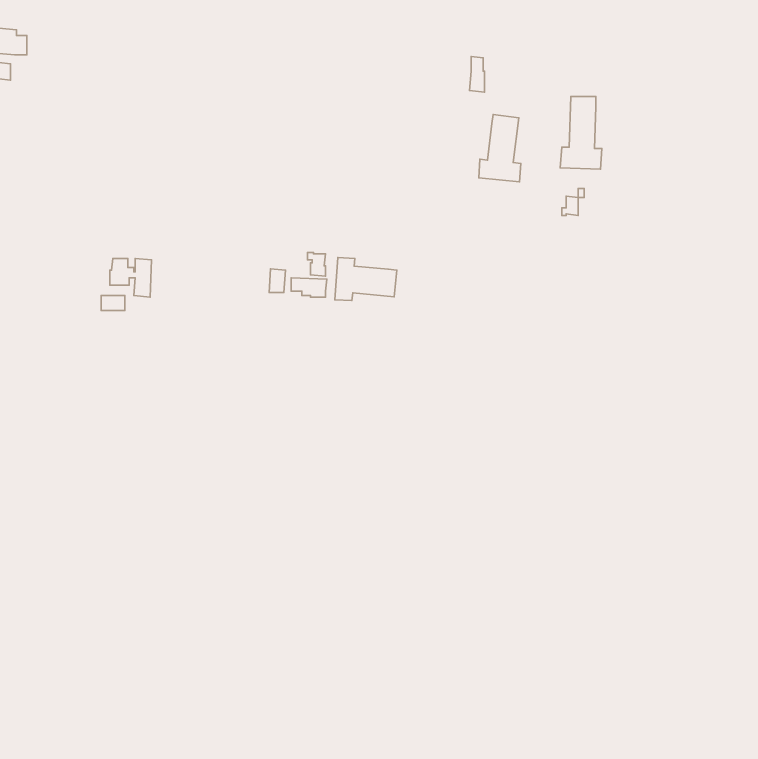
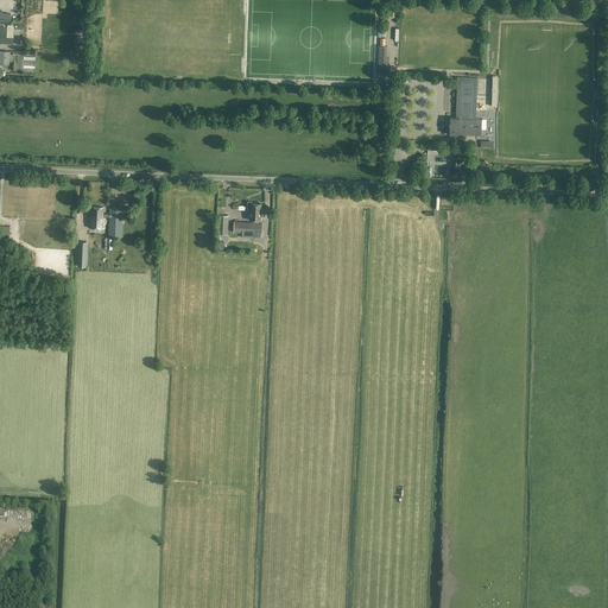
building: [479,114,521,182] -> none
building: [335,258,397,300] -> none

